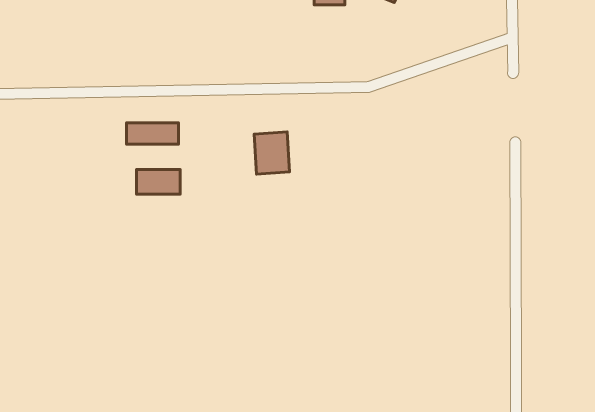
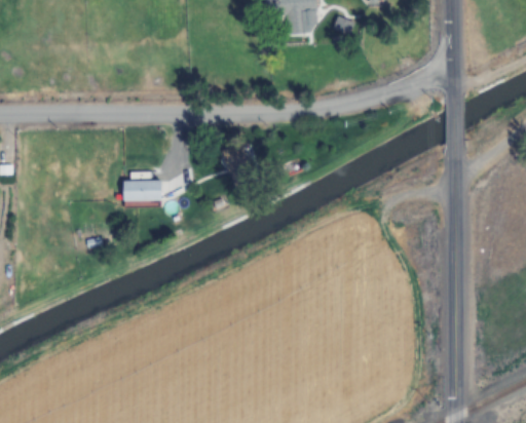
building: [126,123,178,144] -> none

